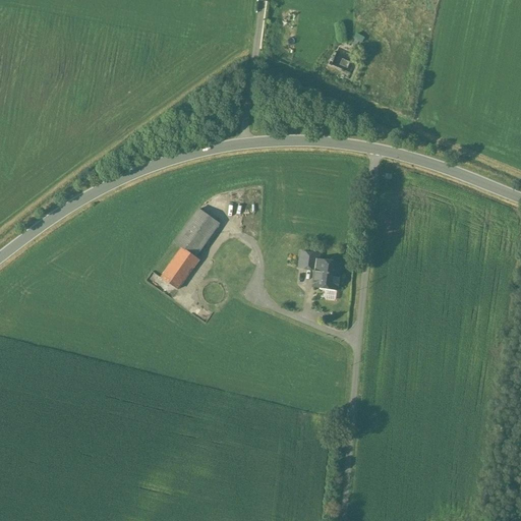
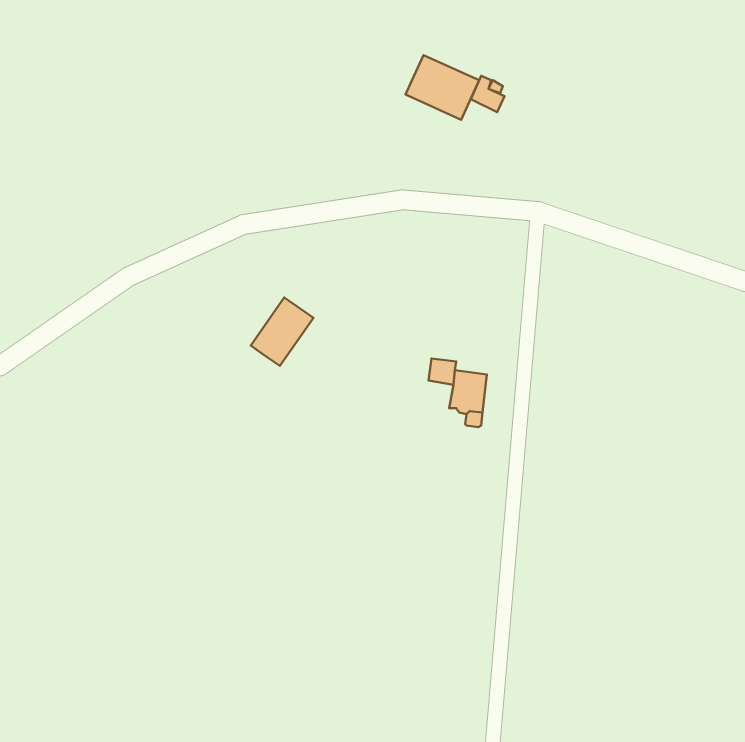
building: none -> [406,55,479,120]
building: [161,246,198,288] -> none

